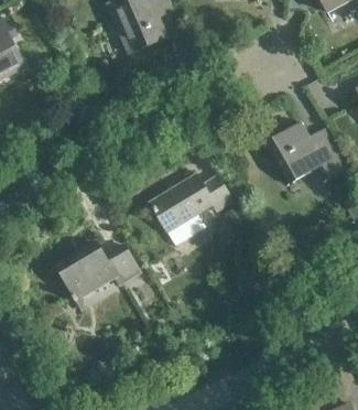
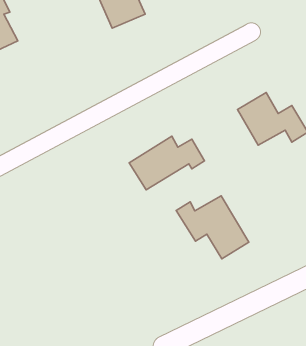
building: none -> [176,196,249,259]
building: [55,242,140,299] -> none

